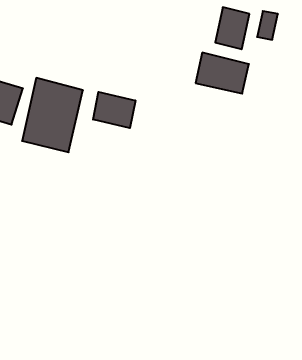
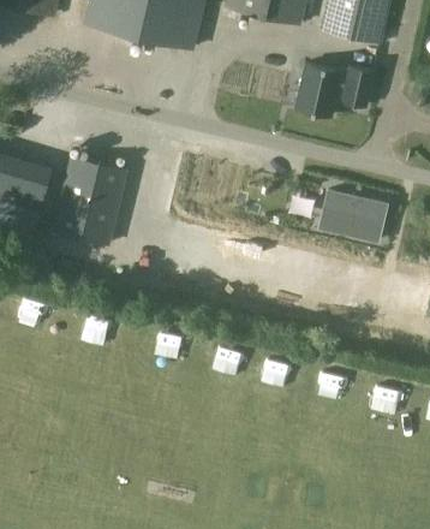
building: [196,53,249,94] -> [319,190,387,242]
building: [93,92,135,128] -> none

